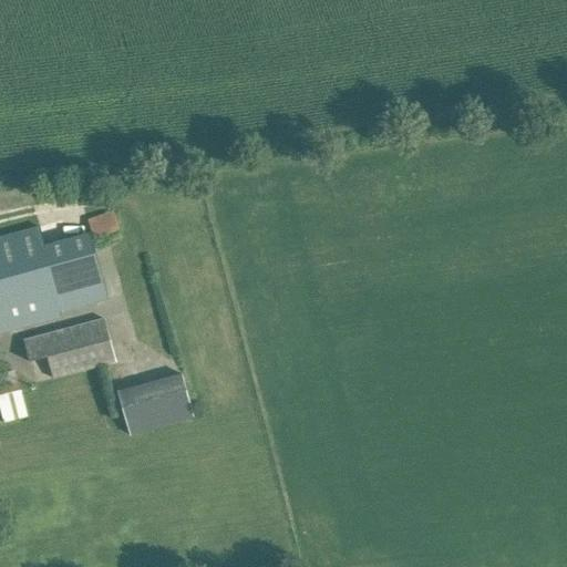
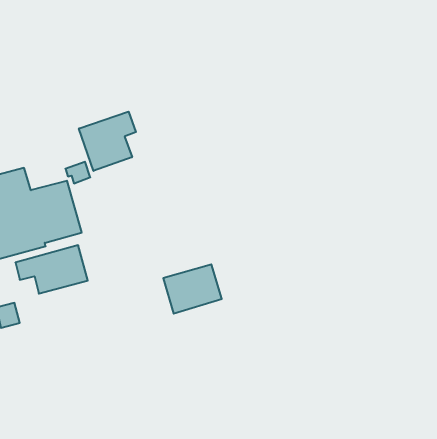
building: none -> [79,112,136,171]
building: [117,373,193,436] -> [163,264,222,314]

